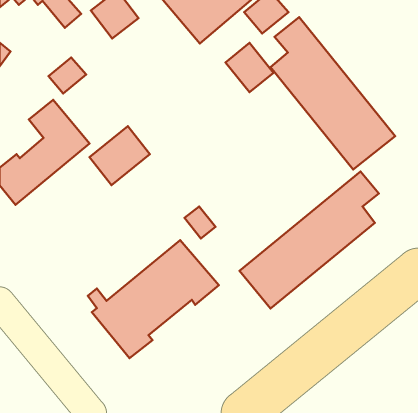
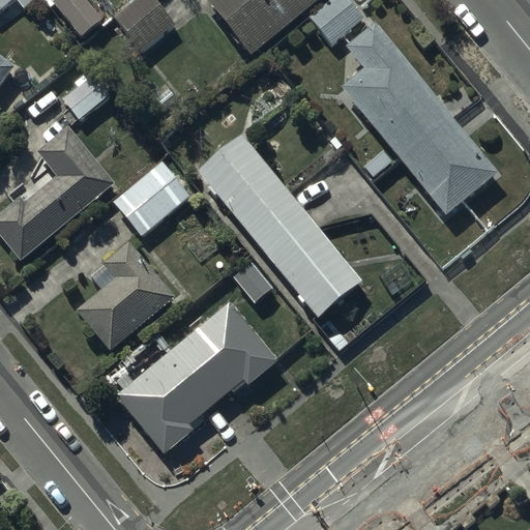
building: [226,43,274,92] -> none
building: none -> [197,136,361,317]
building: [240,172,379,308] -> none
building: none -> [77,242,174,350]

